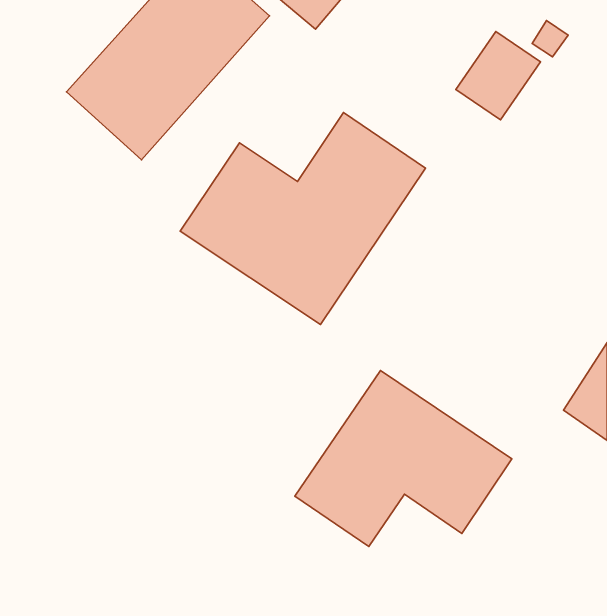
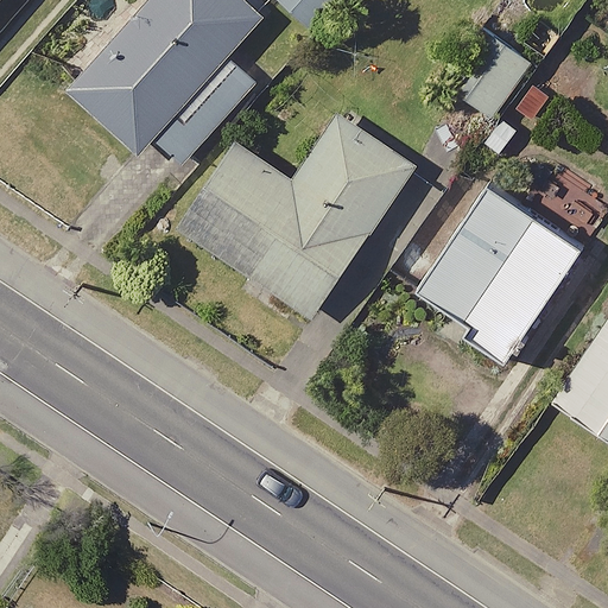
building: none -> [416,185,588,369]
building: [295,370,512,546] -> none

